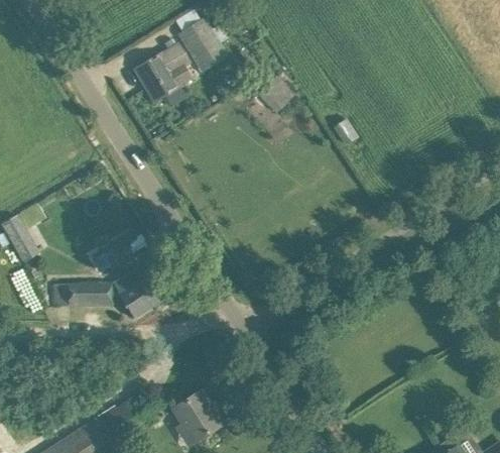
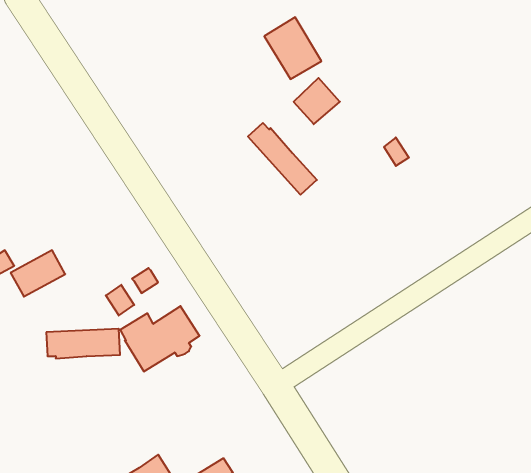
building: [176,18,225,71] -> [264,17,321,79]
building: [134,44,190,102] -> none
building: none -> [248,123,317,195]

